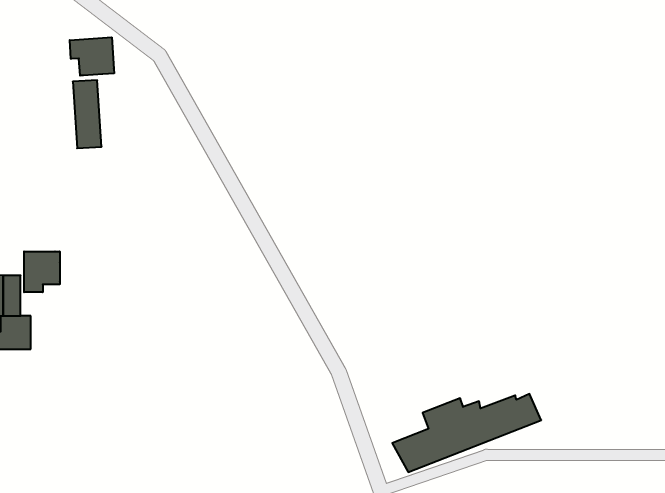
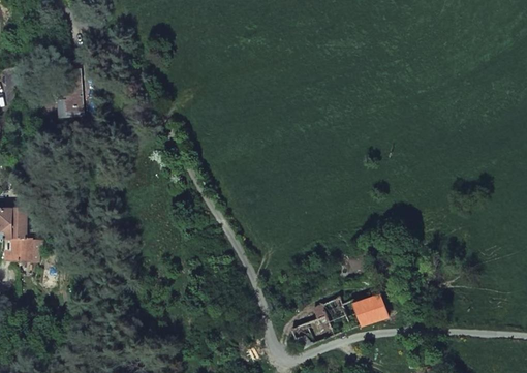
building: [70,37,114,76] -> none
building: [24,251,60,292] -> none

